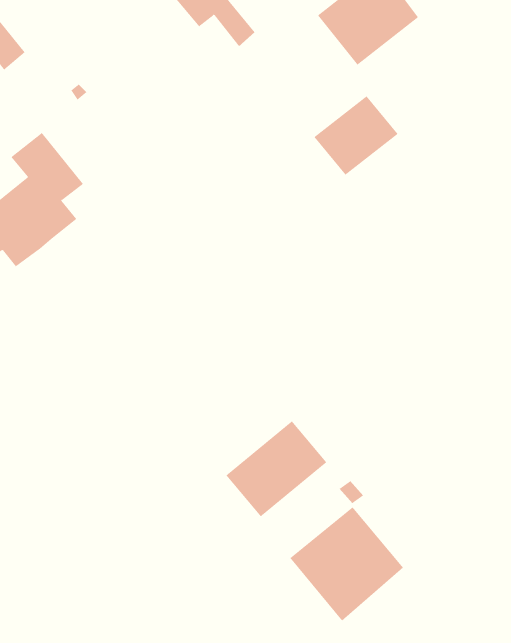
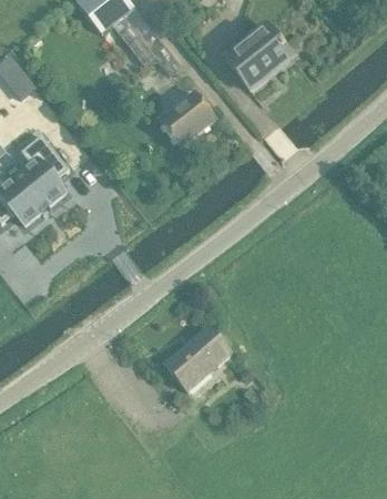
building: [313,95,398,175] -> [159,91,215,144]
building: [290,506,404,621] -> none

